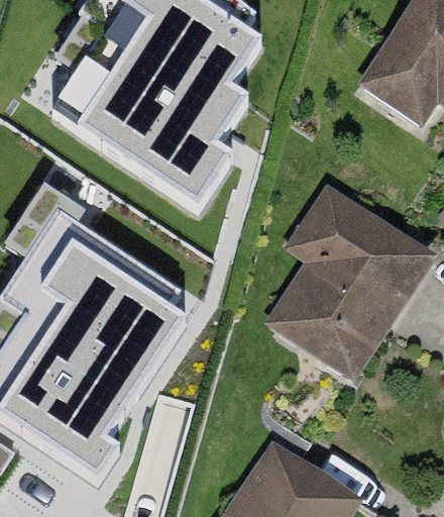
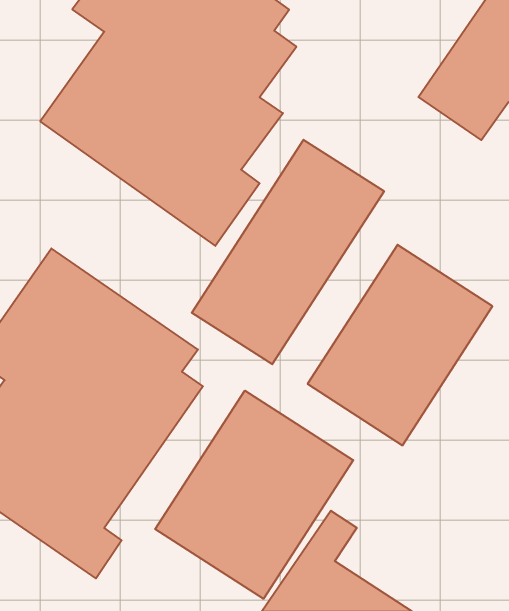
building: none -> [192,140,384,364]
building: none -> [155,391,353,599]

